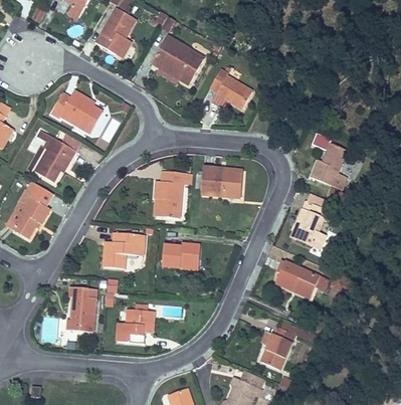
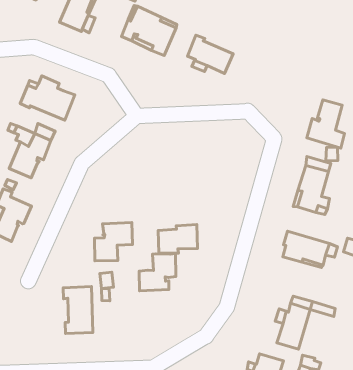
building: [201,169,242,195] -> none
building: [155,170,195,217] -> none
building: [117,309,154,343] -> [139,254,176,291]

